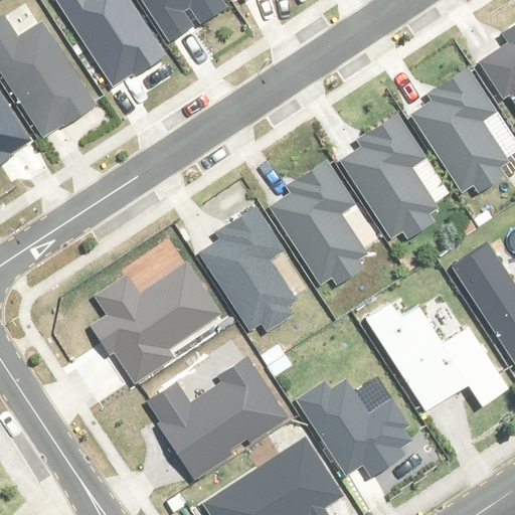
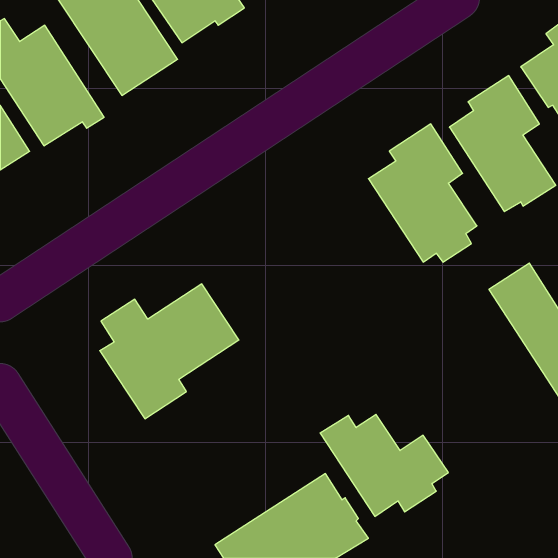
building: [273,163,367,288] -> none
building: [199,202,304,339] -> none
building: [367,302,508,409] -> none
building: [145,358,287,479] -> none

